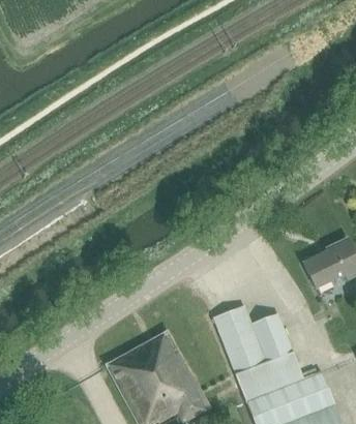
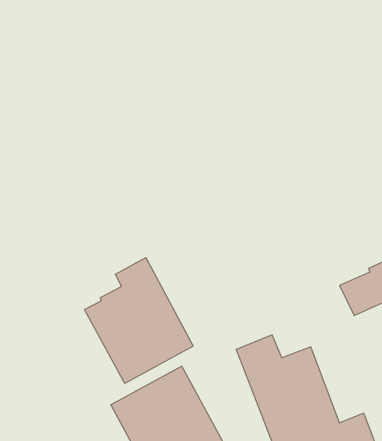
building: none -> [85,258,193,383]

